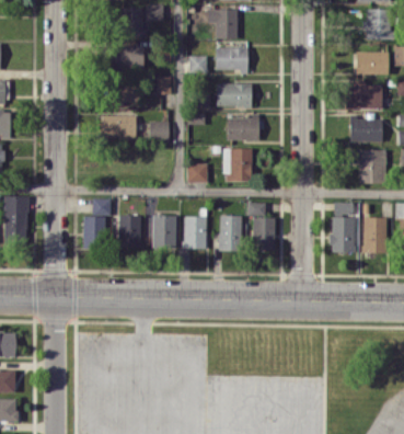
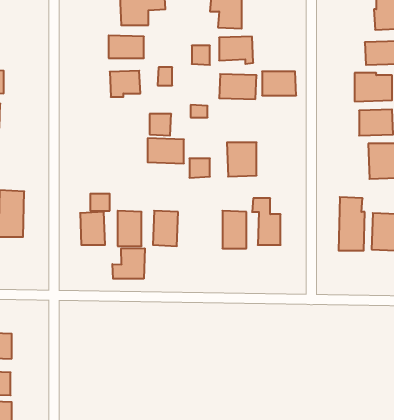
building: [101,115,136,139] -> [148,138,184,163]
building: [227,117,259,140] -> [262,71,296,95]
building: [183,216,207,249] -> none
building: none -> [112,248,145,279]

